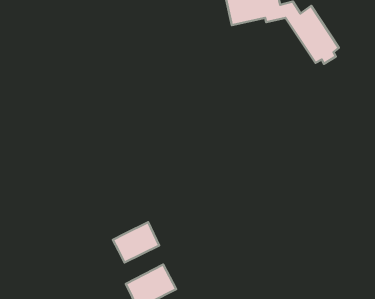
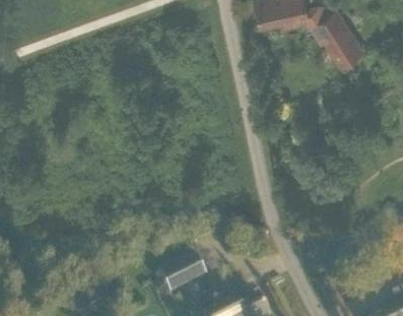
building: [113,222,159,262] -> none

